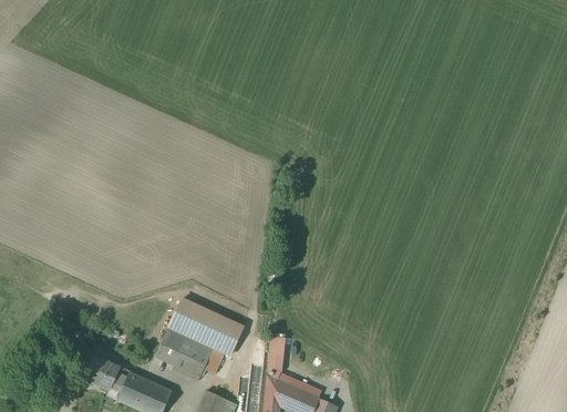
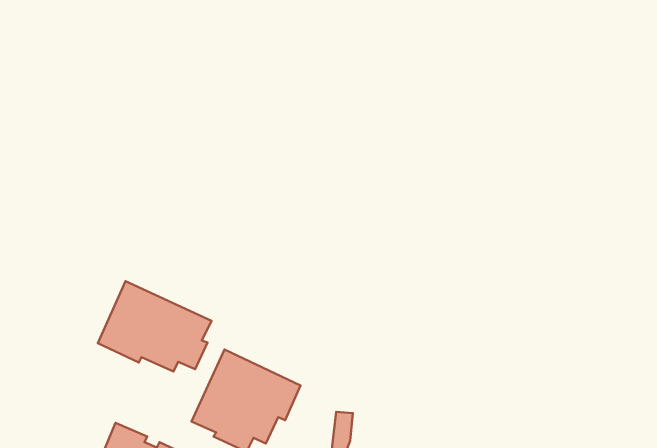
building: none -> [98,281,212,372]

